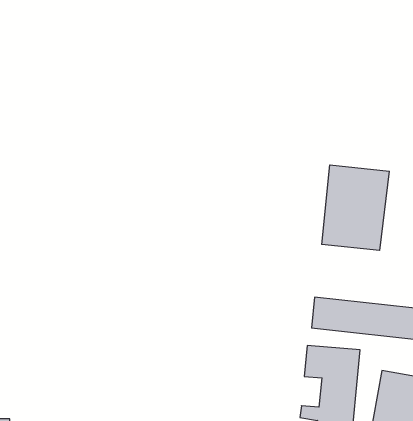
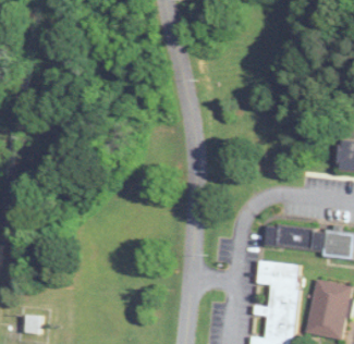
building: [322,165,389,250] -> none

